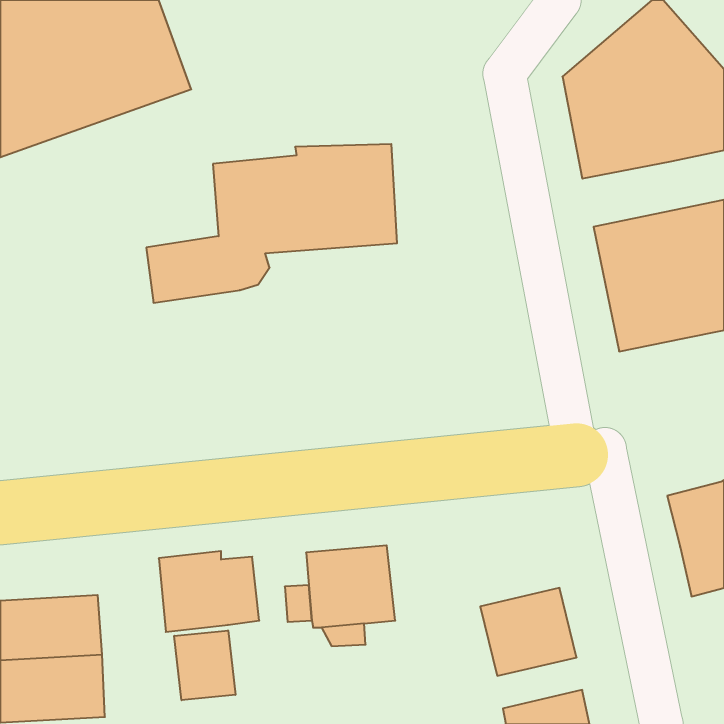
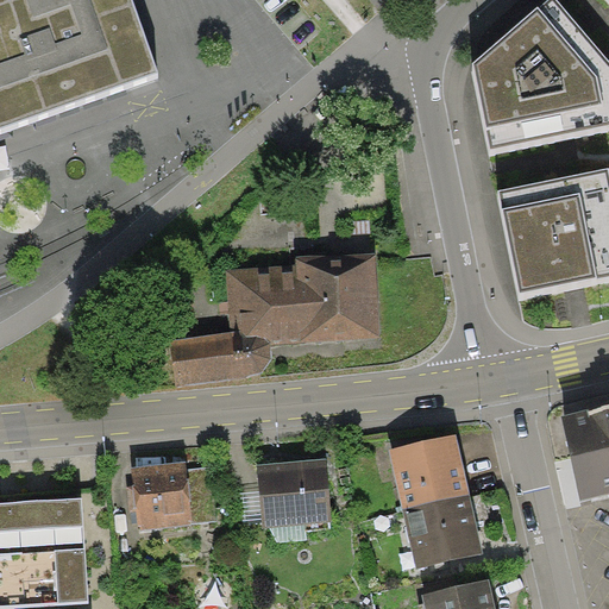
building: [146,144,397,303] -> [170,253,381,387]
building: none -> [389,434,470,509]
building: [174,630,235,700] -> none

